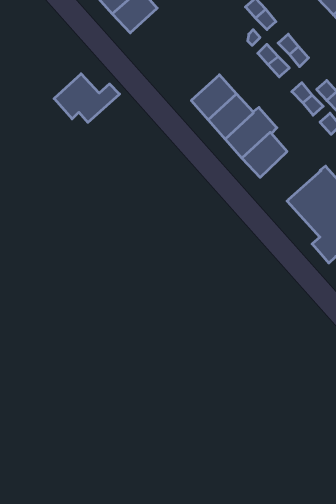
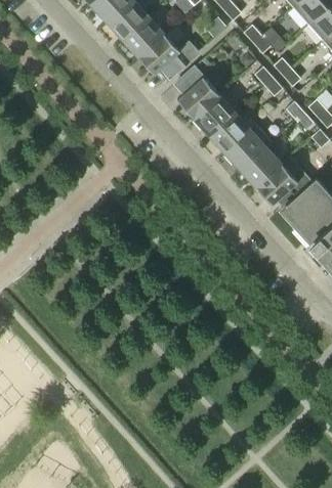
building: none -> [176,68,220,119]
building: [54,74,120,122] -> [139,35,199,79]
building: none -> [257,165,313,209]

